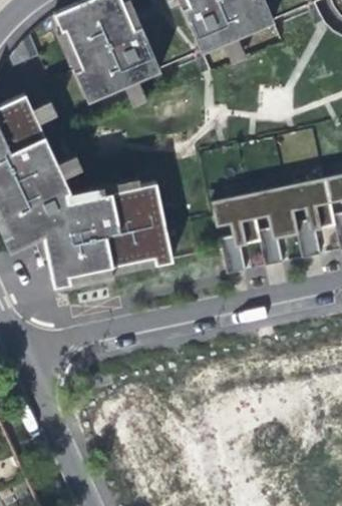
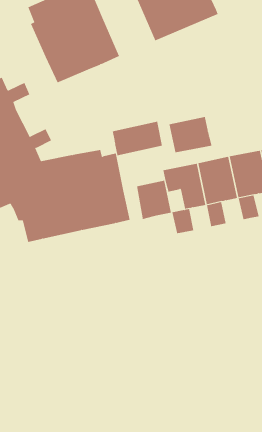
building: none -> [169,116,212,153]
building: none -> [112,121,163,156]
building: none -> [136,180,172,220]

